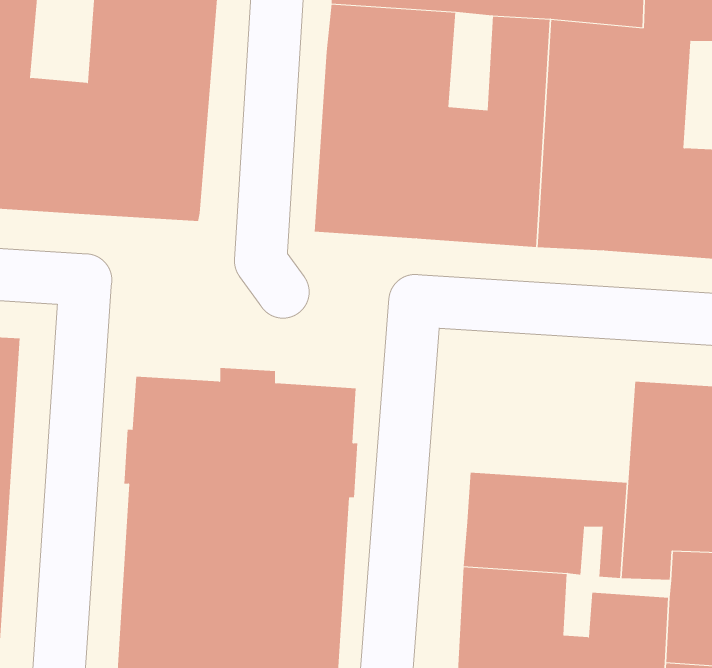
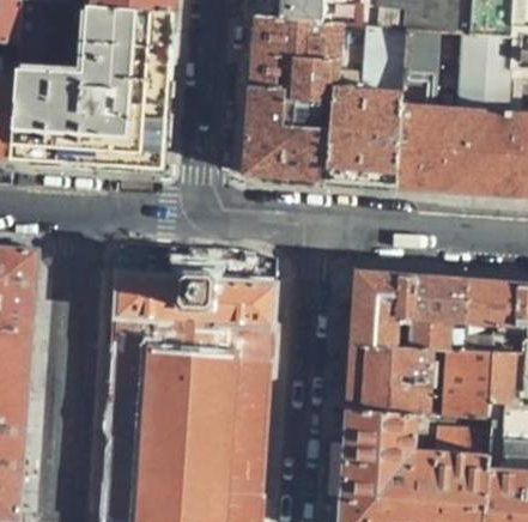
building: none -> [351,272,466,350]

